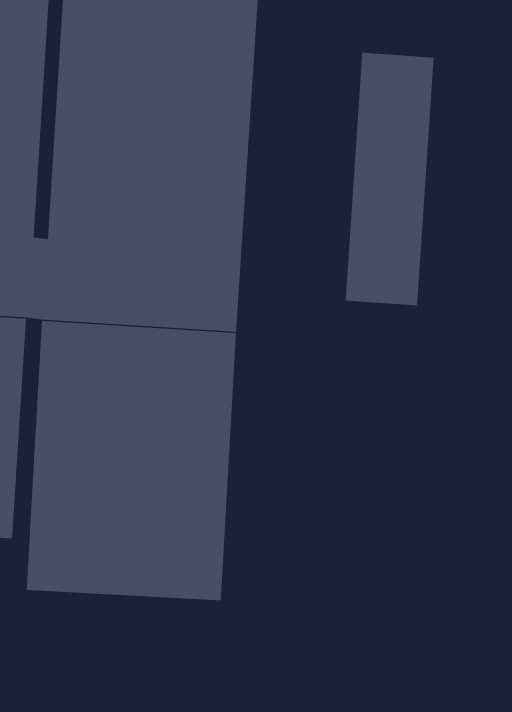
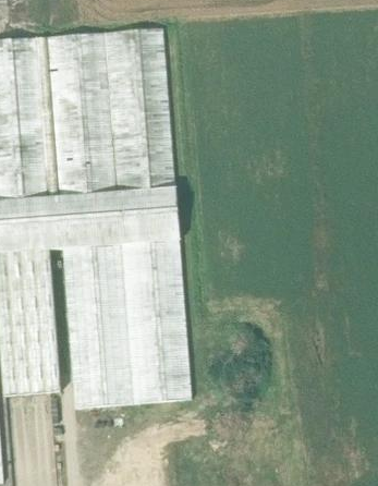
building: [345,52,434,306] -> none

